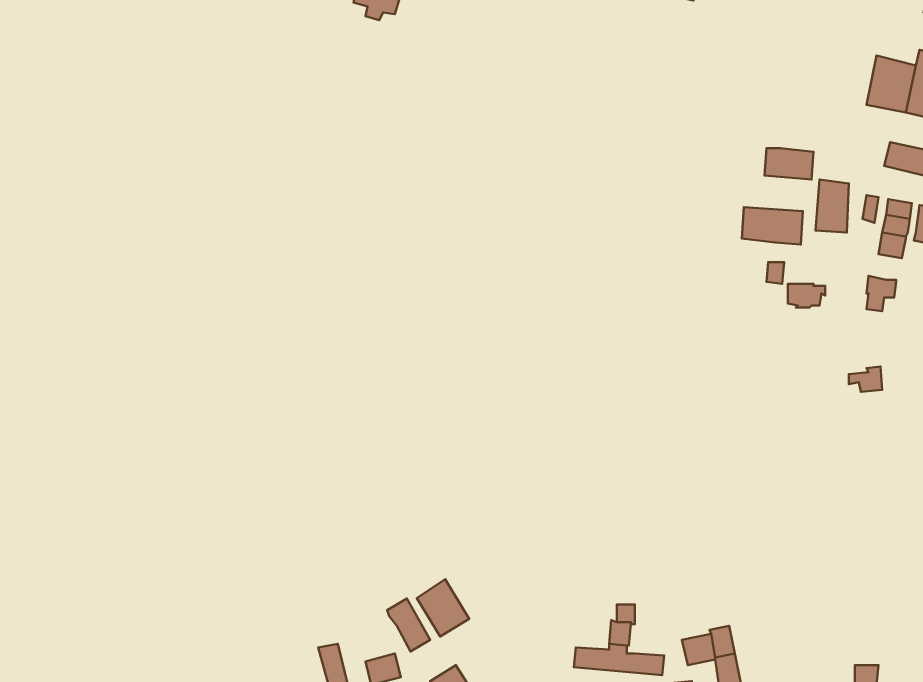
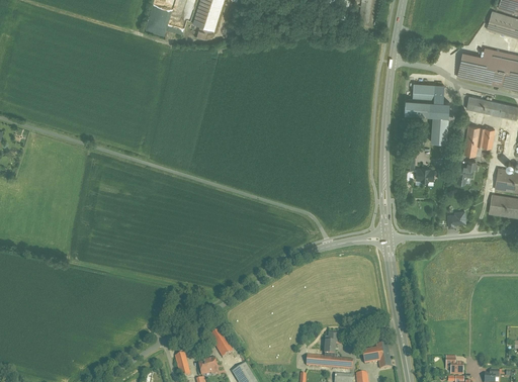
building: [742,207,803,245] -> [413,82,444,101]
building: [417,579,469,636] -> none

